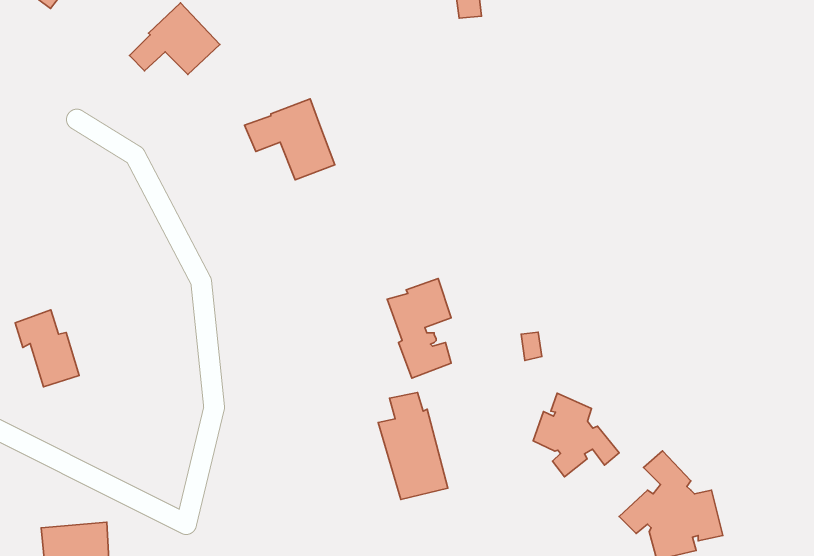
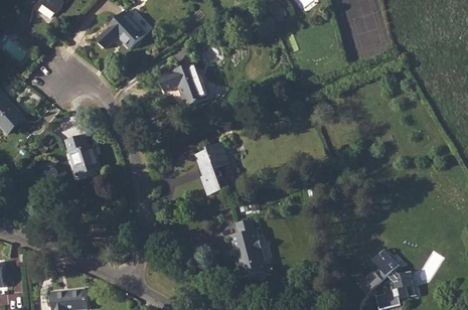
building: [387,278,451,378] -> [195,142,229,195]
building: [15,310,79,387] -> [65,133,100,174]
building: [533,393,619,477] -> none

